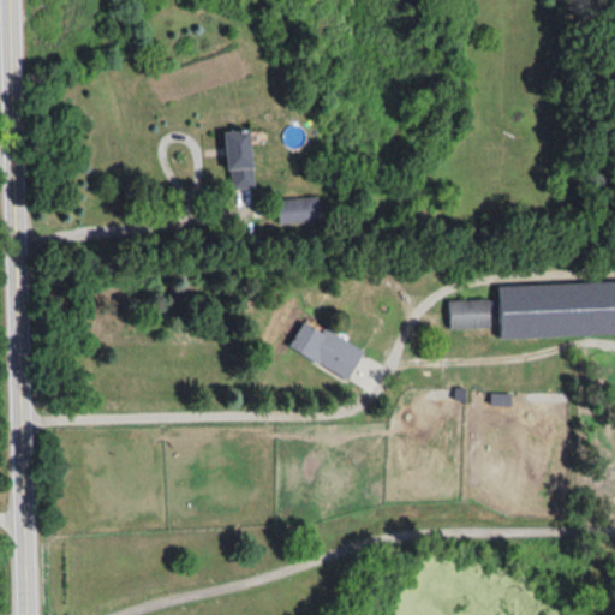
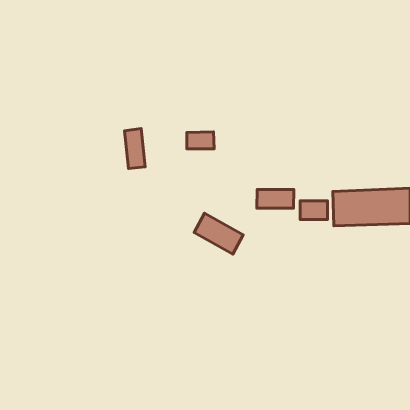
building: [226,130,257,190] -> [124,128,145,169]
building: none -> [257,190,294,208]

